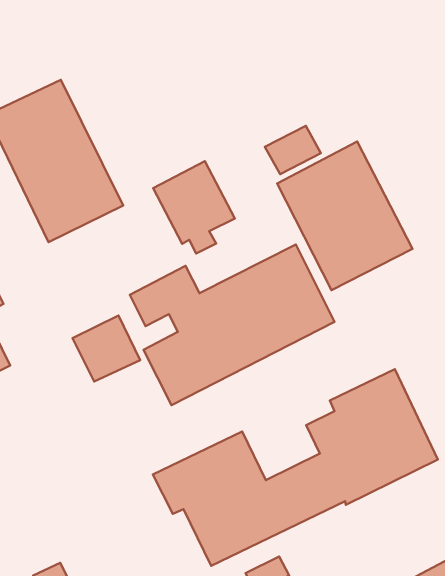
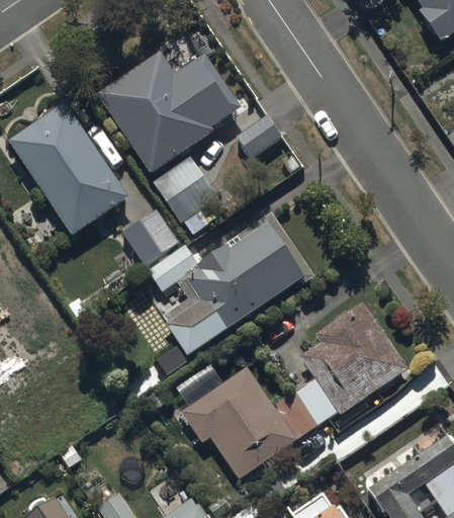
building: none -> [98,48,244,168]
building: [277,142,412,290] -> none
building: [72,316,140,382] -> [121,209,178,265]

